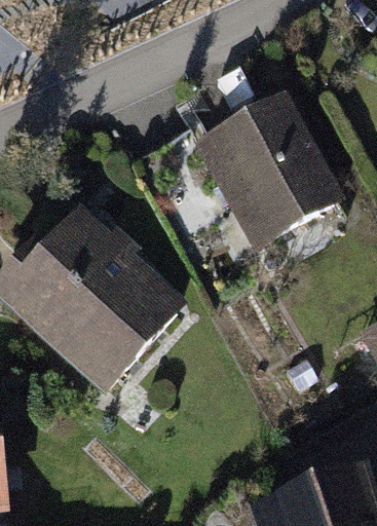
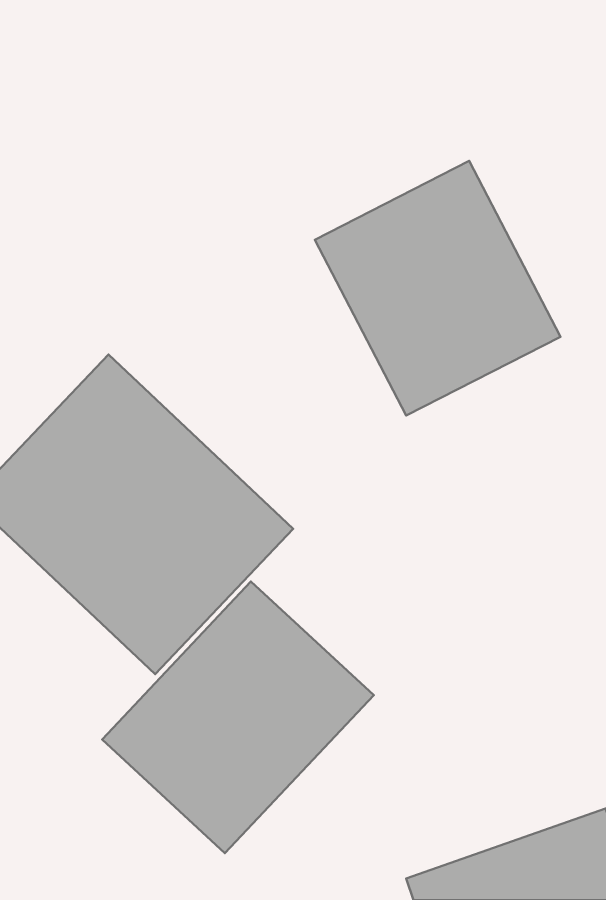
building: none -> [102,581,374,853]

